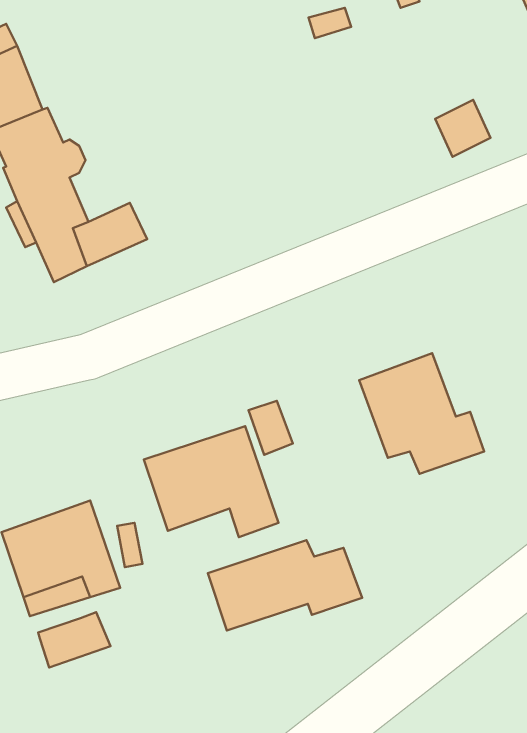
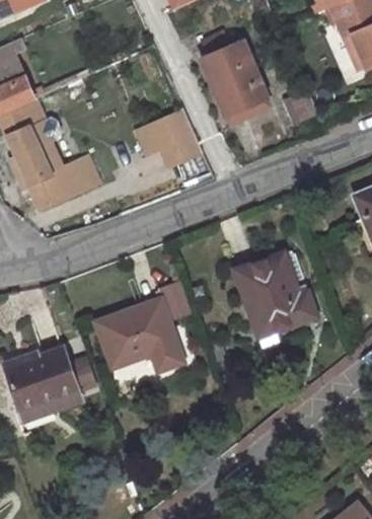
building: none -> [201,42,267,115]
building: none -> [138,110,204,167]
building: [208,540,362,630] -> none
building: [38,612,111,667] -> none

